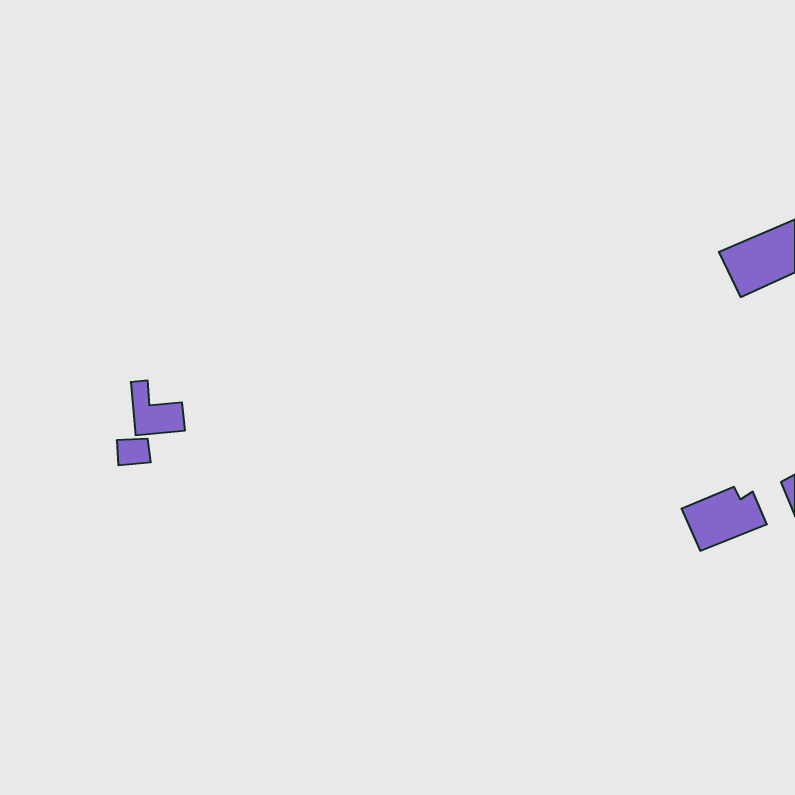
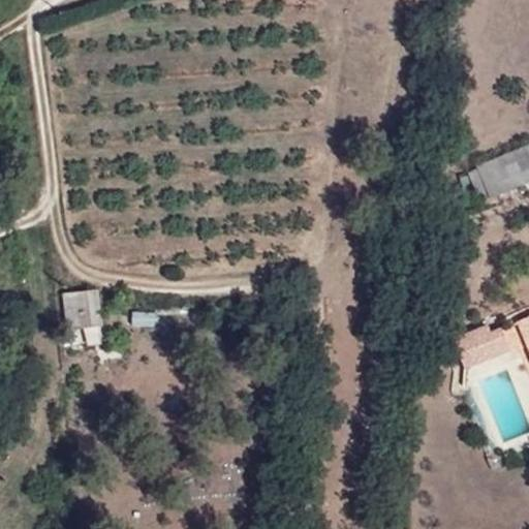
building: [131,381,185,435] -> [66,292,102,329]

